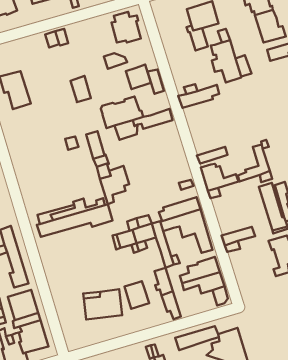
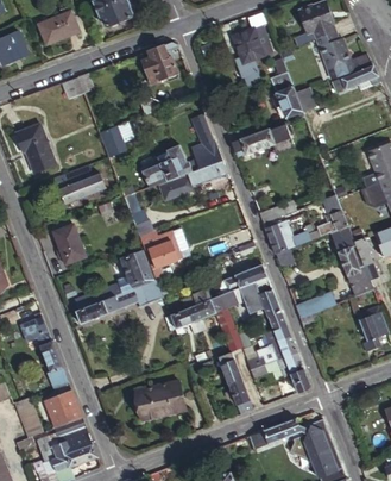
building: [126,65,151,89] -> [190,138,221,169]
building: none -> [56,165,114,204]
building: none -> [52,224,84,264]
building: none -> [120,250,150,286]
building: [125,281,149,309] -> none

